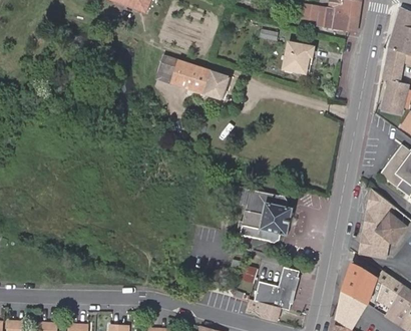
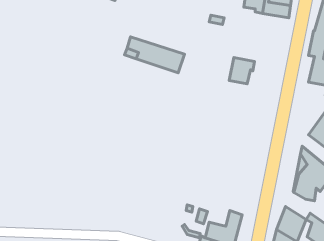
building: [283,41,314,73] -> [229,57,254,84]
building: [229,185,292,243] -> none

